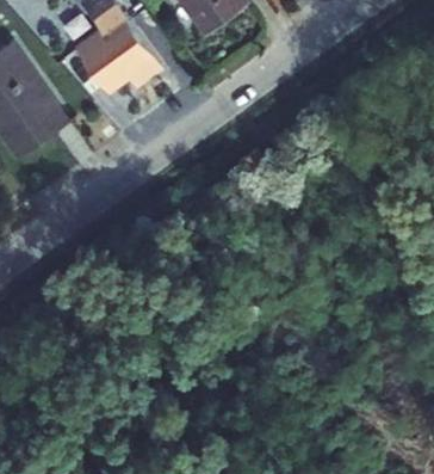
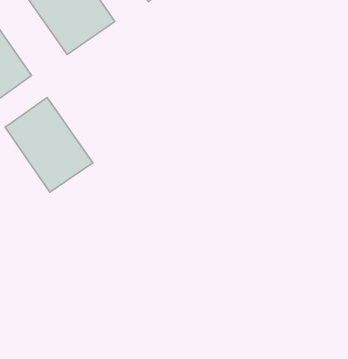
building: none -> [5,98,93,192]

